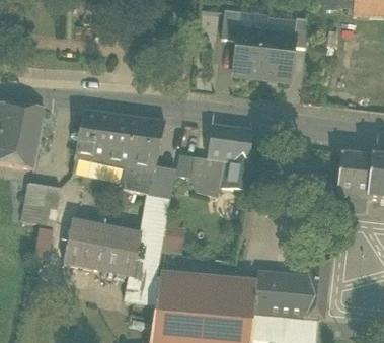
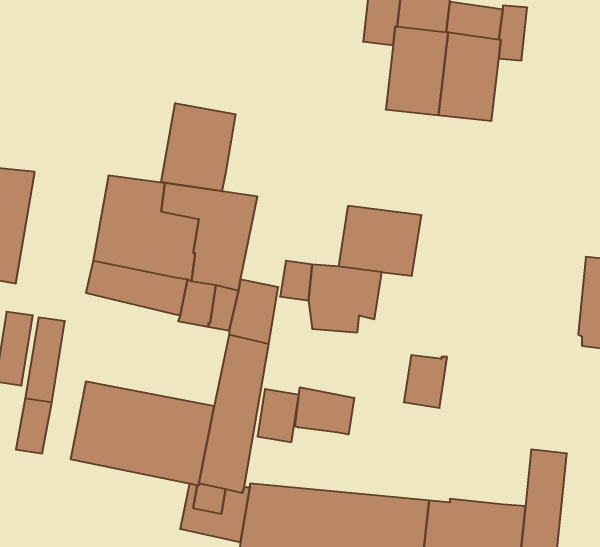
building: none -> [161,103,235,191]
building: [226,159,249,188] -> [404,355,447,408]
building: none -> [295,387,354,435]

